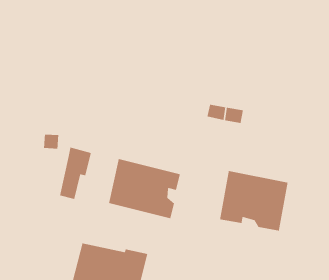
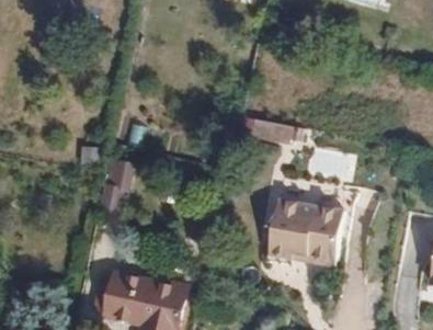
building: [108,158,181,219] -> none

